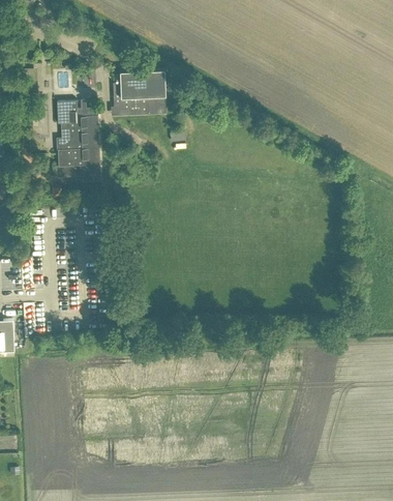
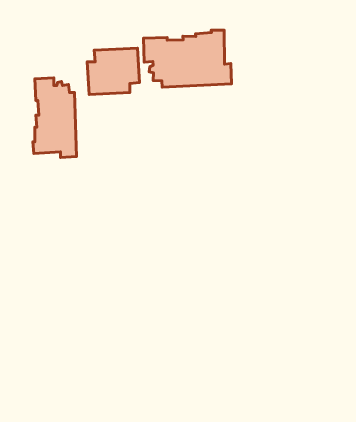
building: none -> [144,30,231,87]

